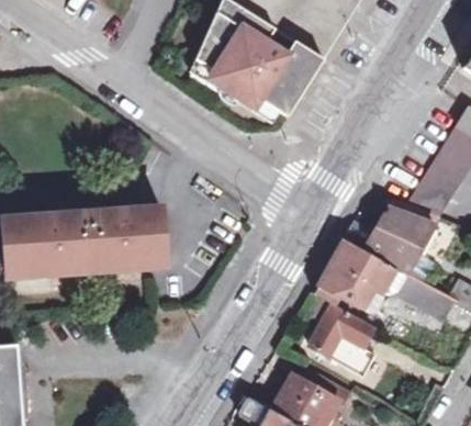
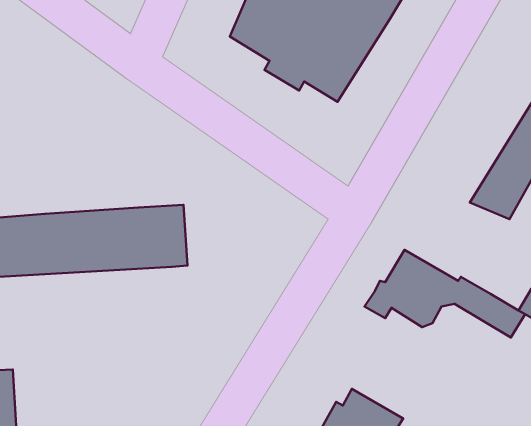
building: [345,200,439,282] -> none
building: [309,306,373,373] -> none

